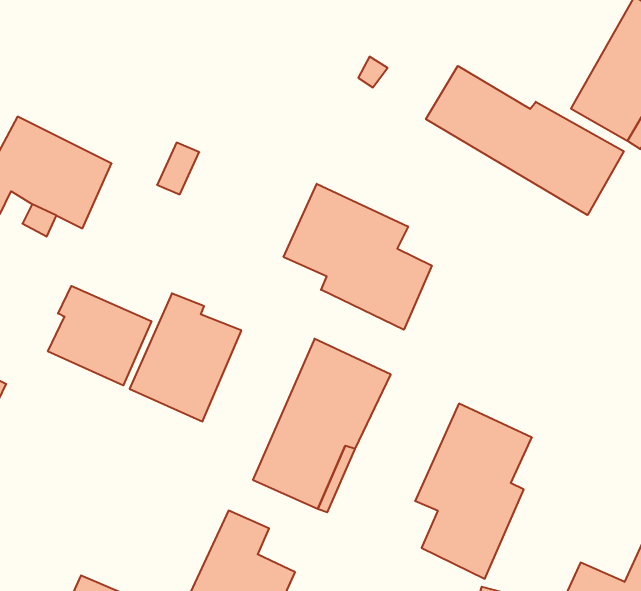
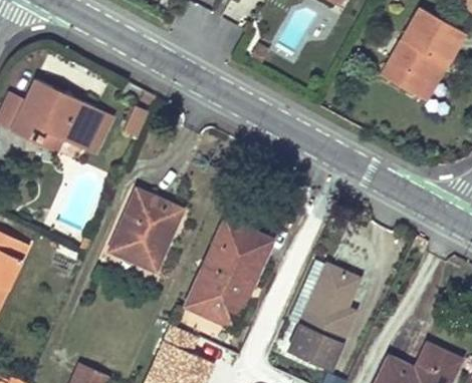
building: [426,66,624,215] -> none
building: [284,184,432,330] -> none
building: [48,286,151,385] -> none

